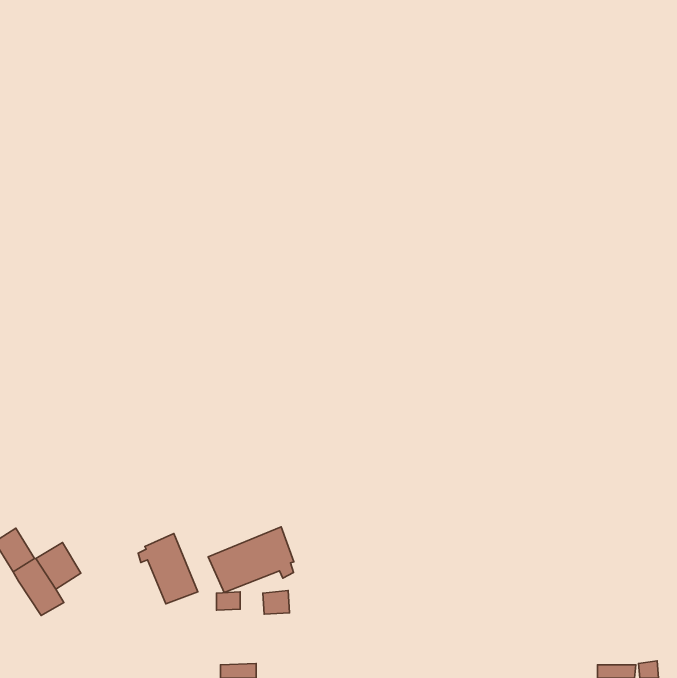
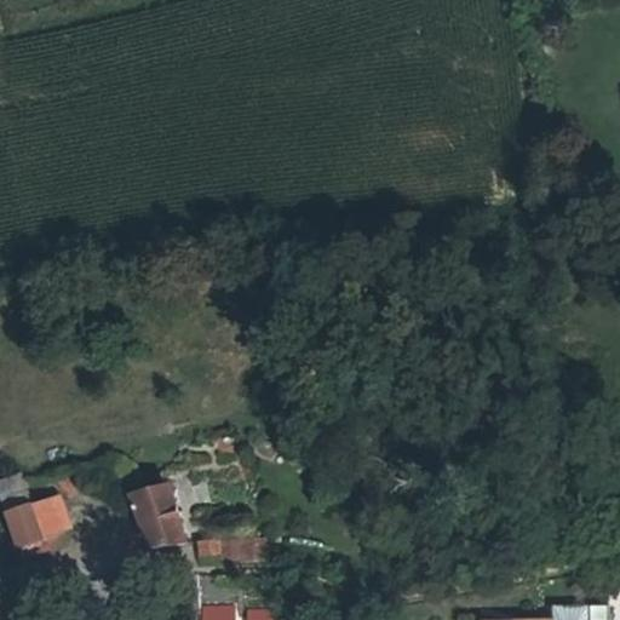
building: [208,527,294,593] -> none

